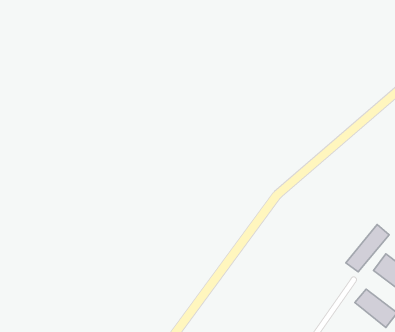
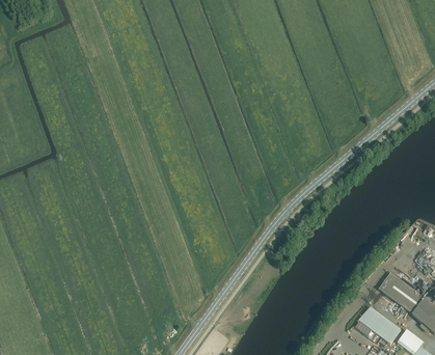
building: [346,225,389,272] -> none

